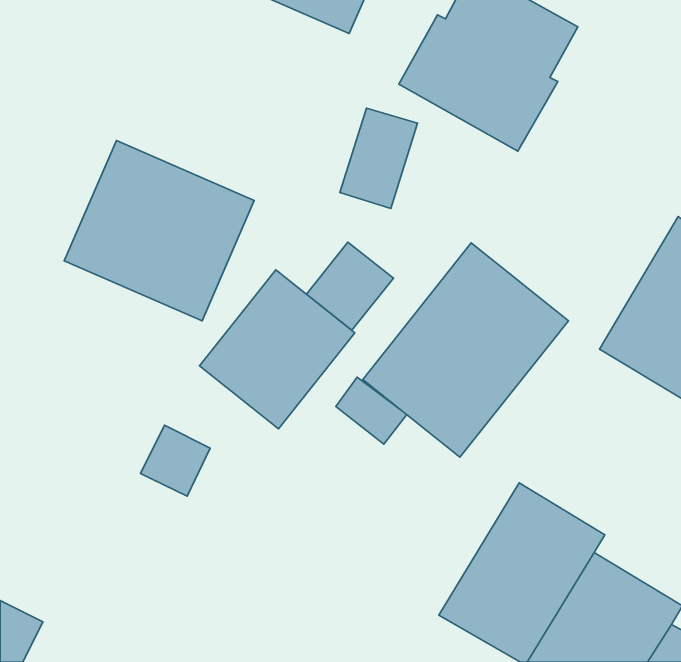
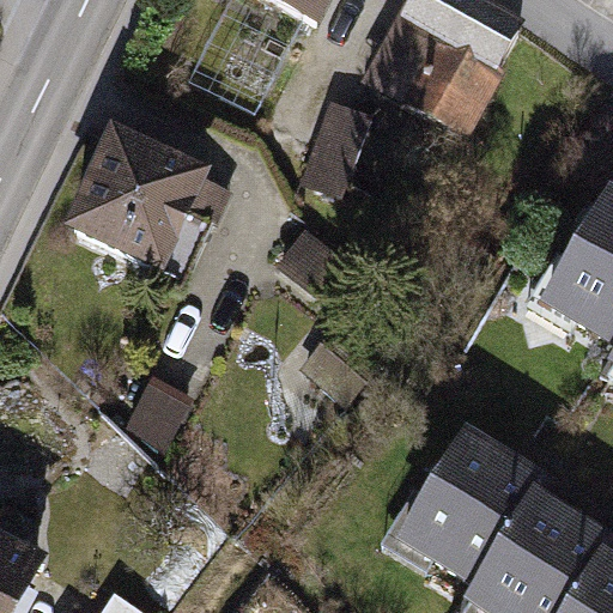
building: [363,243,568,457] -> none
building: [200,270,355,429] -> none

